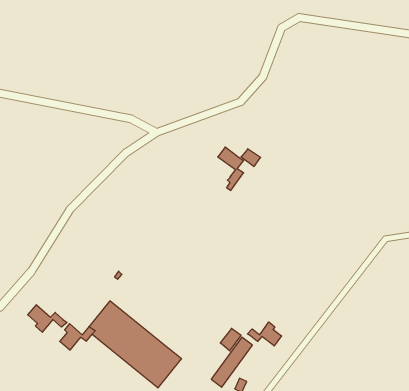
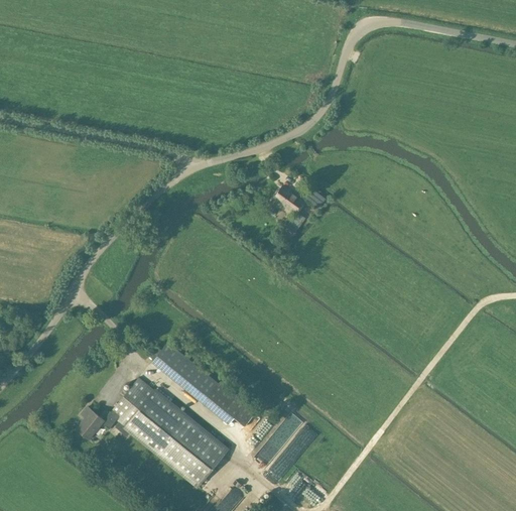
building: none -> [152,341,257,425]
building: [28,305,67,332] -> none
building: [247,322,282,346] -> none

